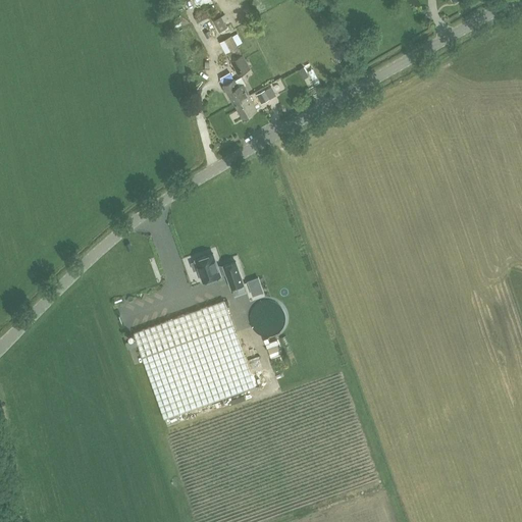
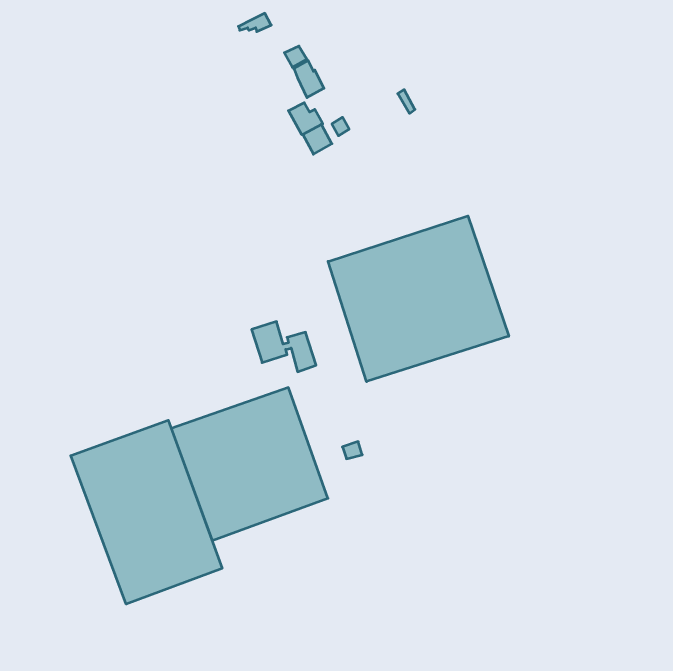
building: none -> [328,216,509,382]
building: none -> [71,420,222,604]

